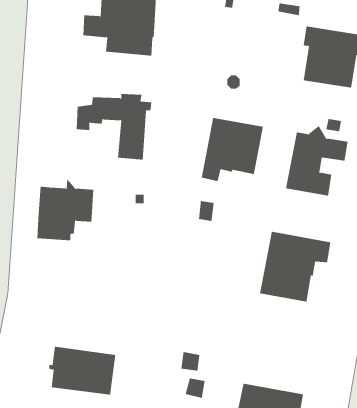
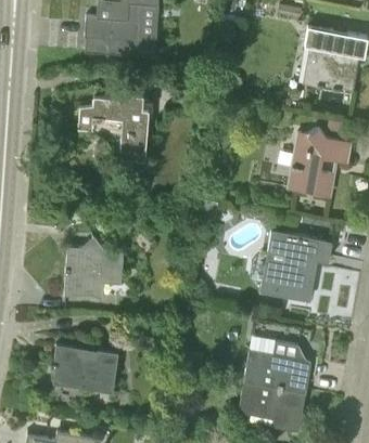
building: [201,117,263,182] -> none
building: [36,177,94,241] -> [65,238,123,301]
building: none -> [244,341,310,392]

